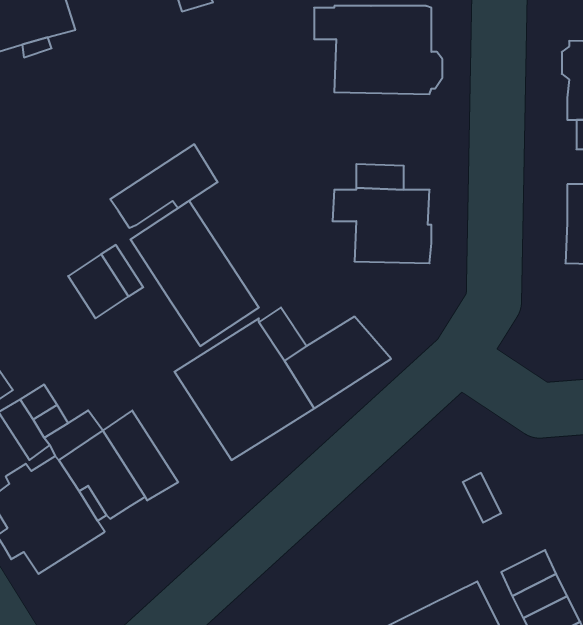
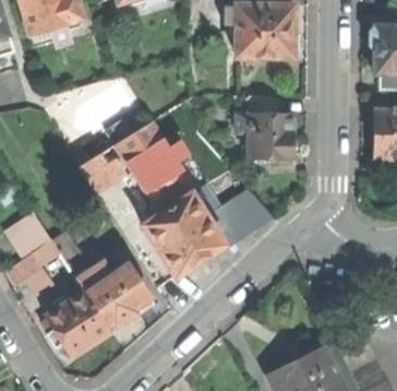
building: [110,144,218,228] -> none

